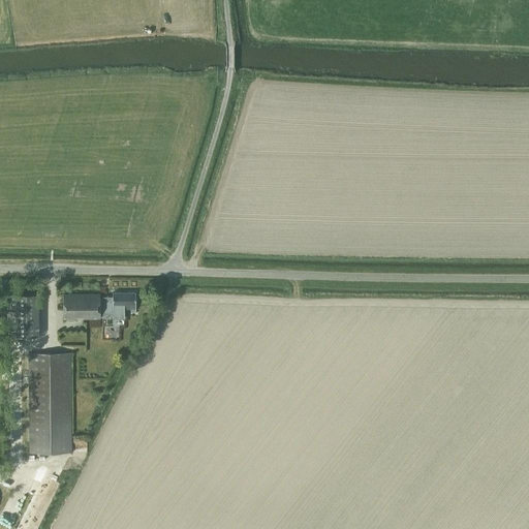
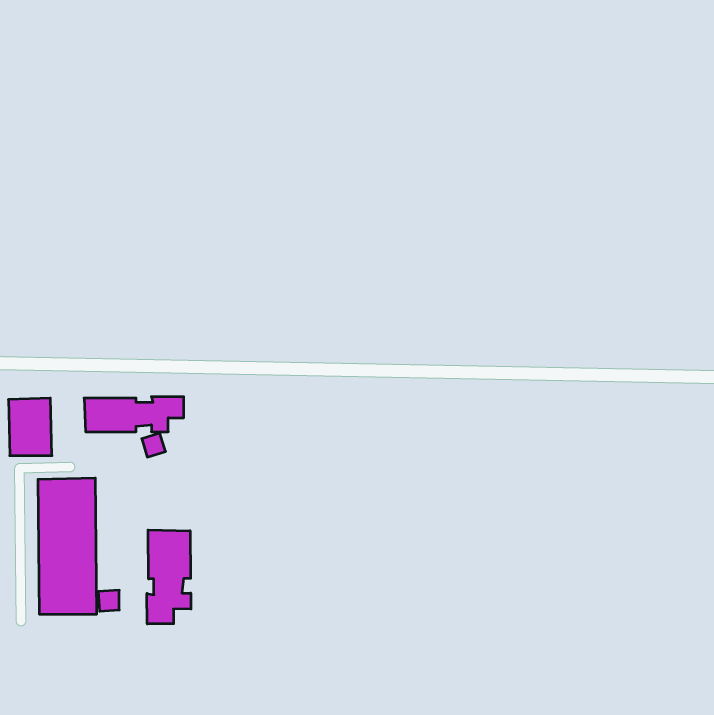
building: none -> [147,530,191,624]

